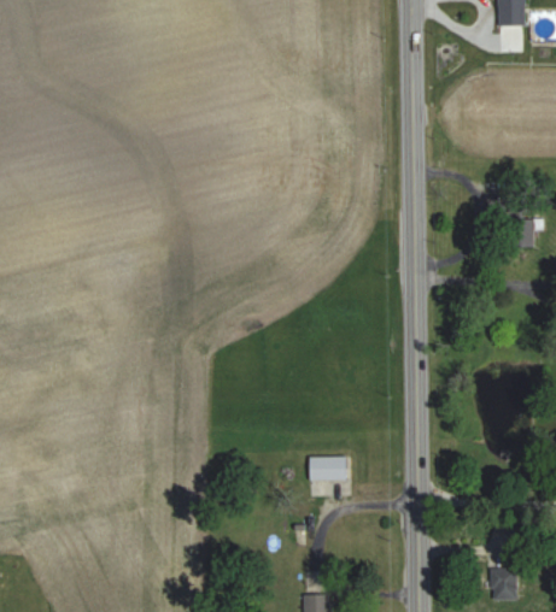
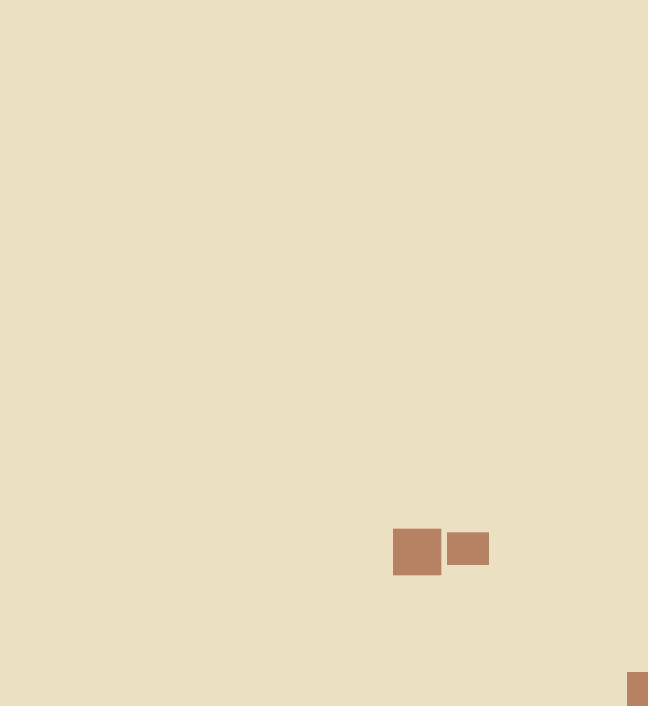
building: none -> [446,531,490,566]

